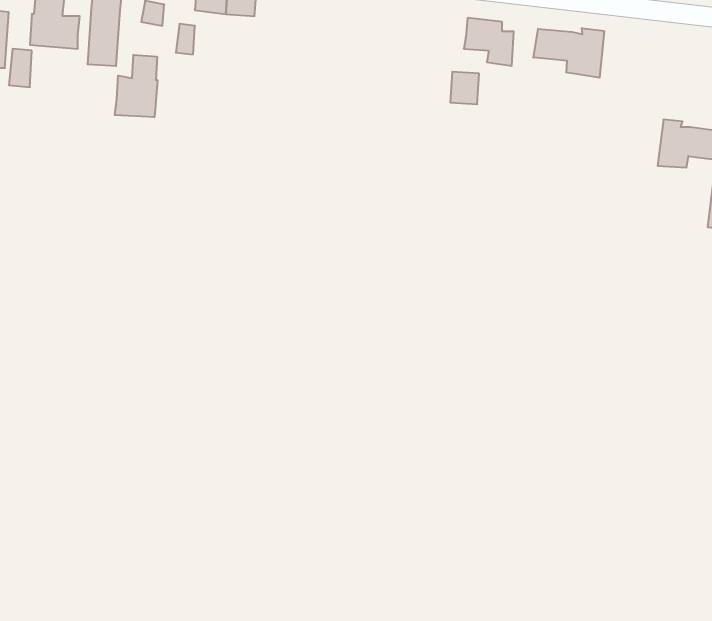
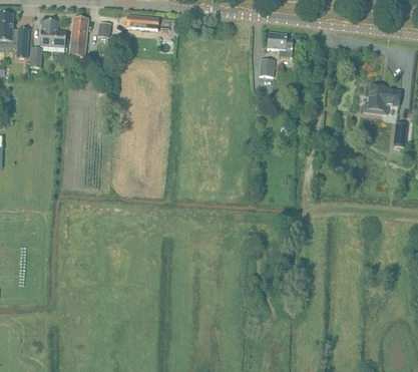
building: [533,28,604,78] -> none
building: [115,55,157,117] -> none

